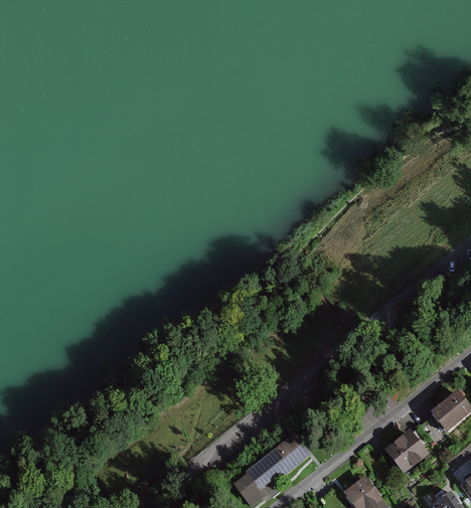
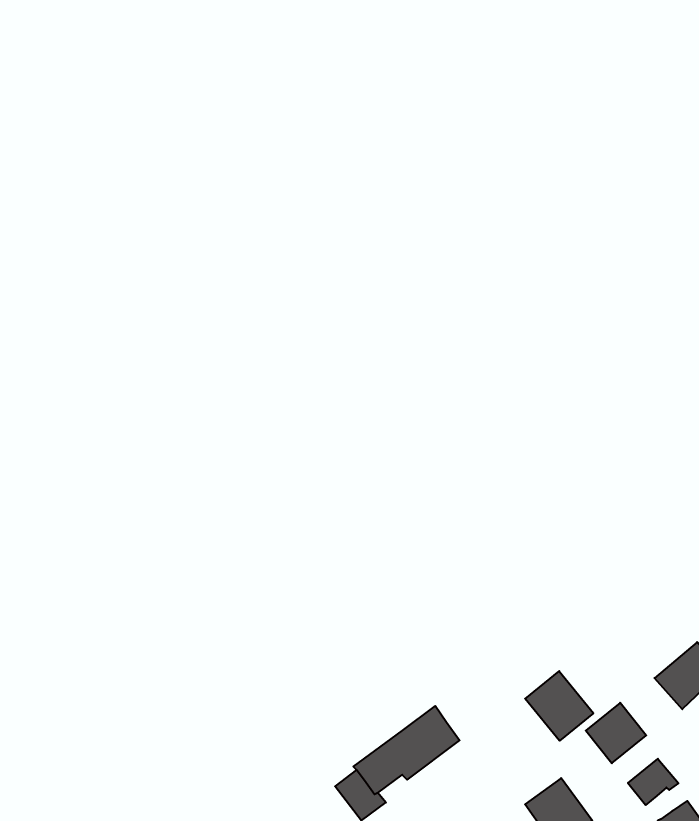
building: none -> [525,671,593,741]
building: none -> [628,759,678,805]

